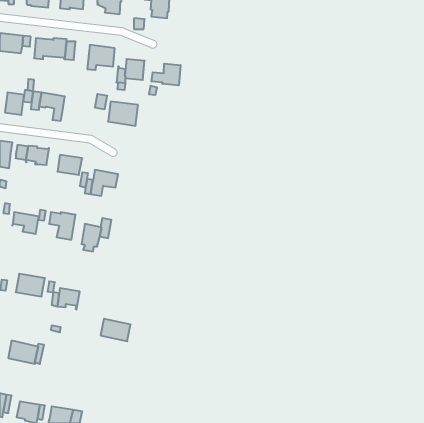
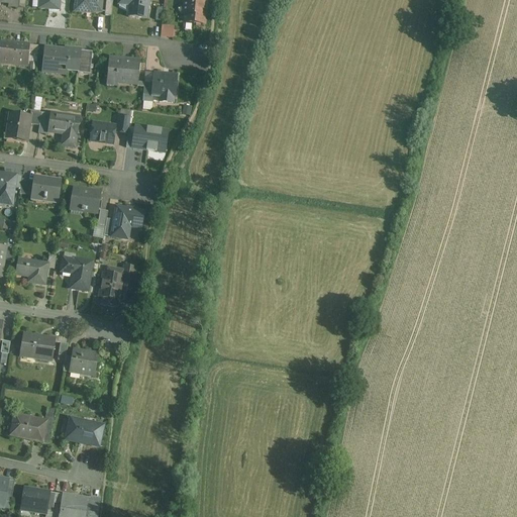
building: [152,64,181,85] -> none
building: none -> [89,121,115,142]
building: [101,319,131,341] -> [66,418,102,445]

